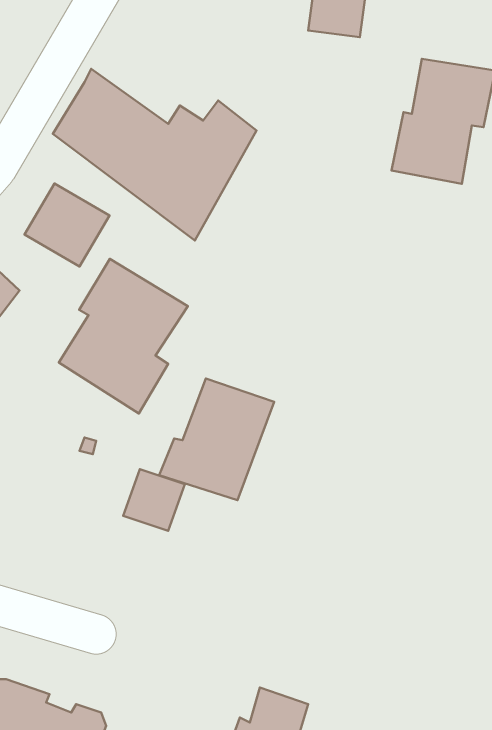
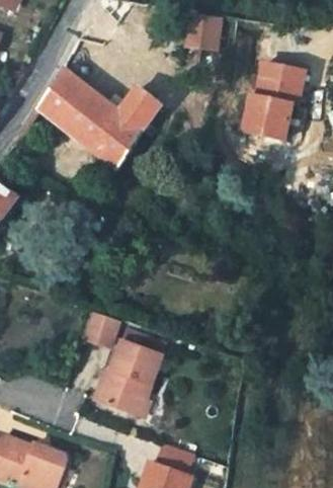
building: [24,184,109,267] -> none
building: [59,259,188,413] -> none
building: [159,378,274,500] -> [93,338,163,412]

